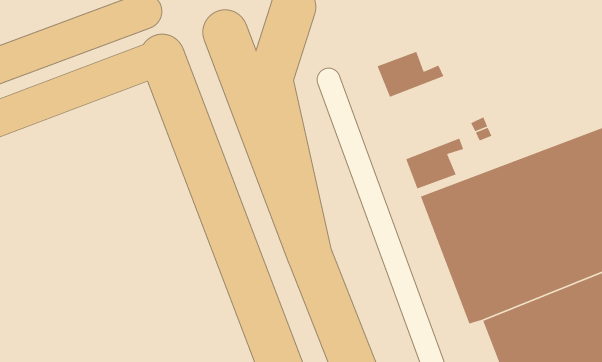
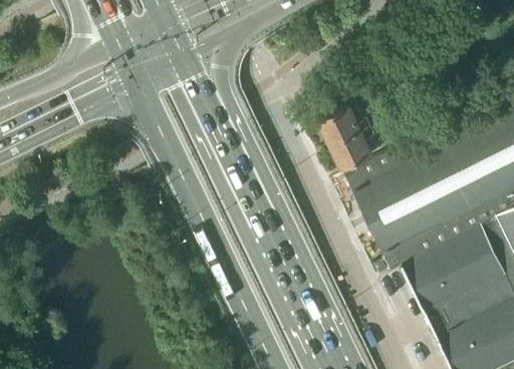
building: [377,51,444,98] -> [323,110,376,148]

